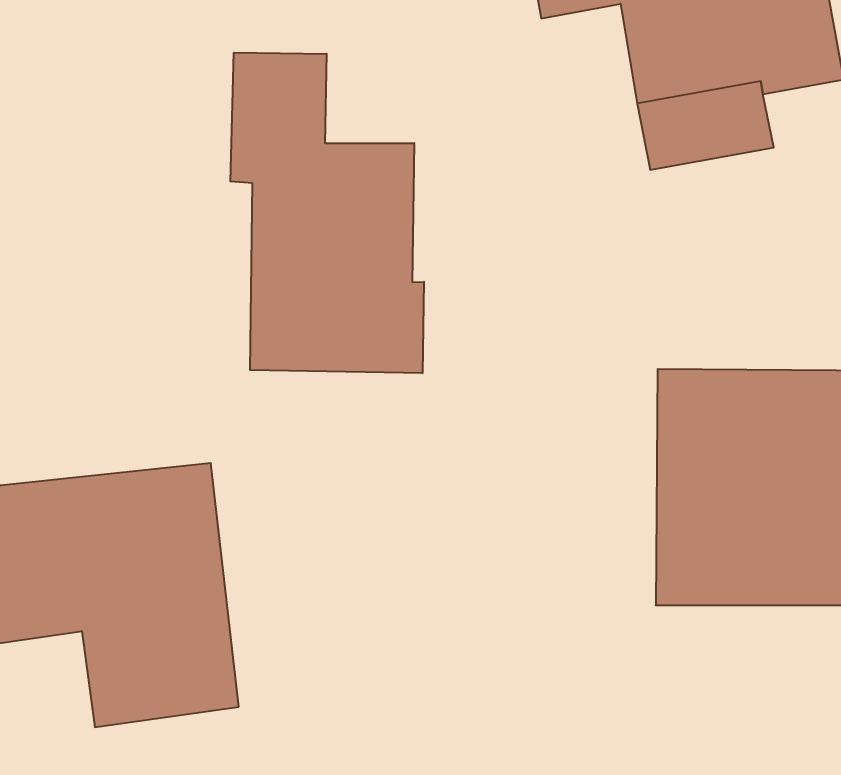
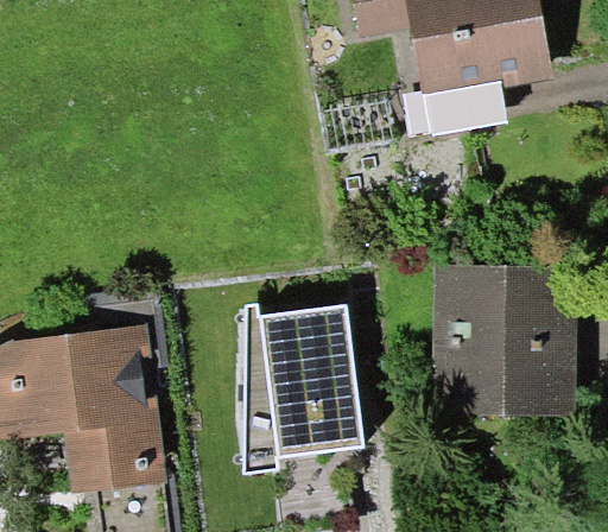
building: [231,53,424,373] -> none
building: none -> [242,303,365,475]

